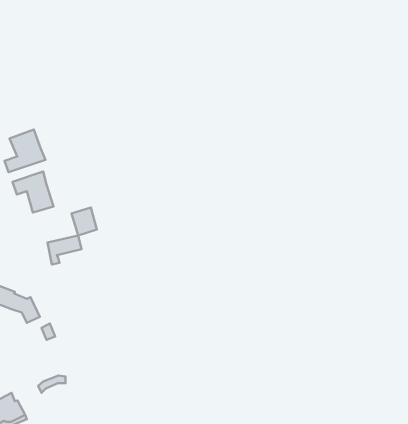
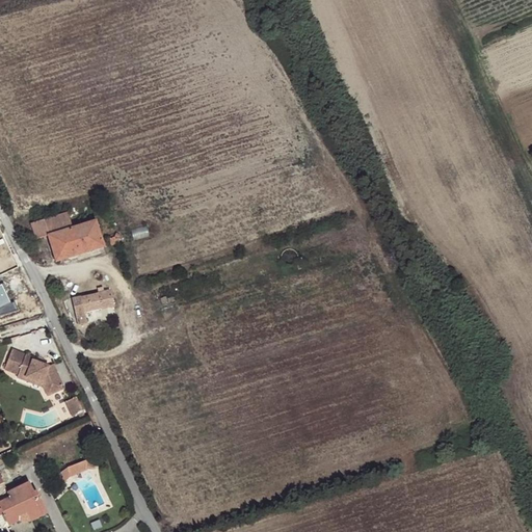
building: [5,130,46,172] -> none
building: [71,207,97,236] -> [72,219,103,254]

